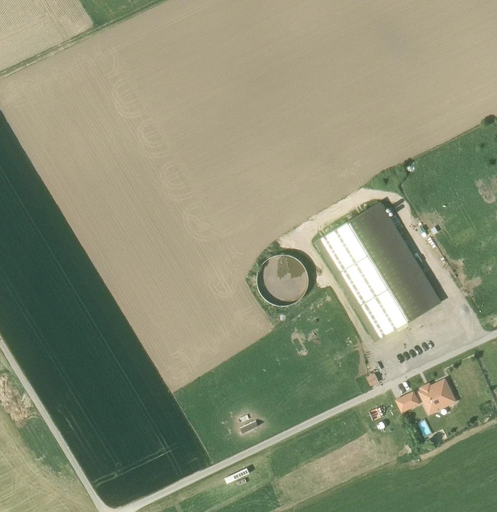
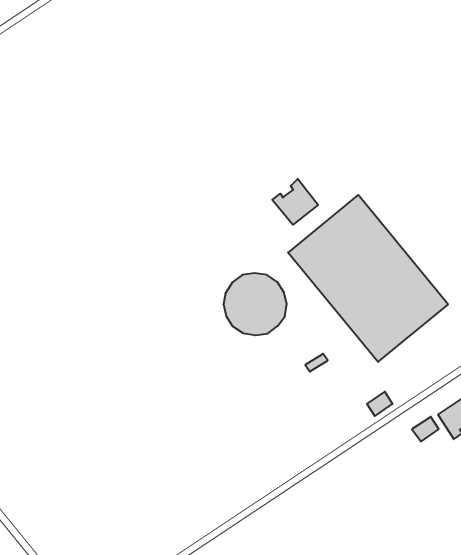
building: none -> [272,179,318,225]

